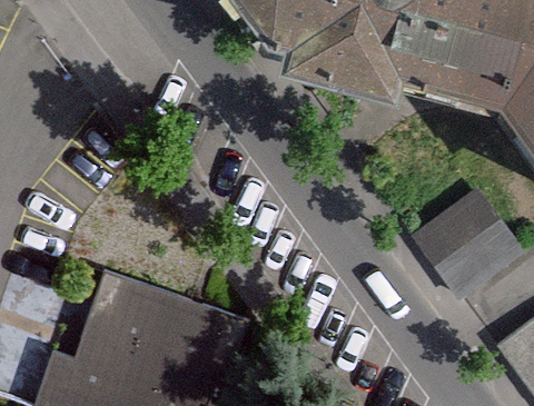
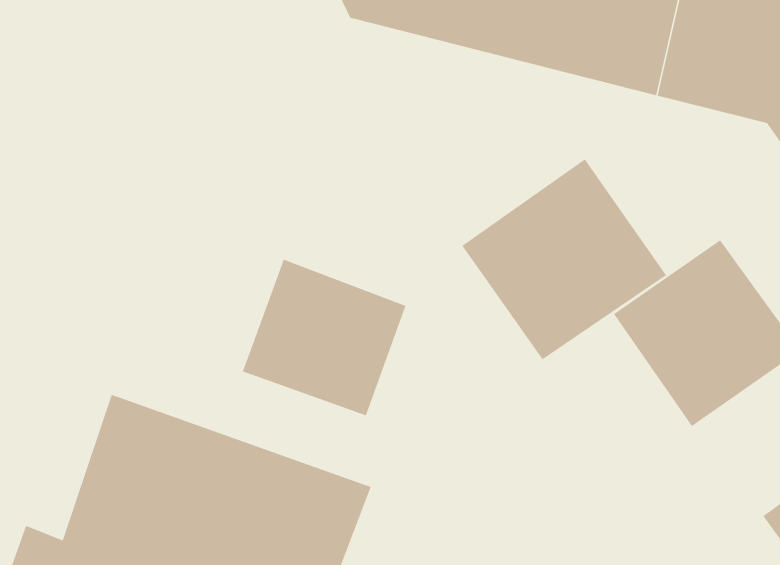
building: none -> [462,159,667,360]
building: none -> [242,259,406,416]

